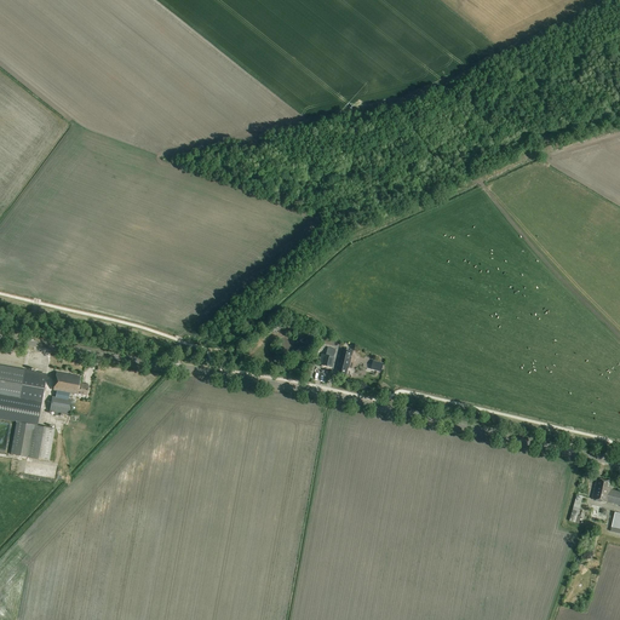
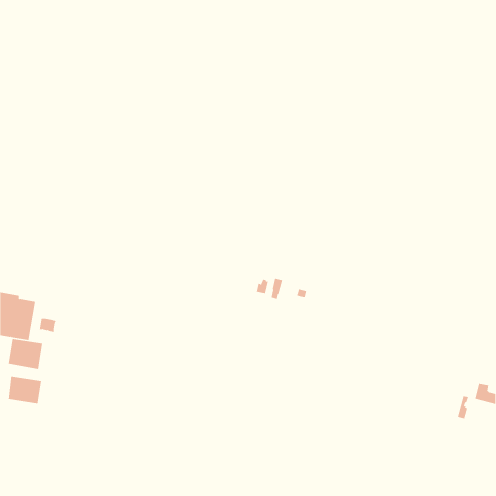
building: [52,372,88,395] -> none
building: none -> [8,376,41,404]

